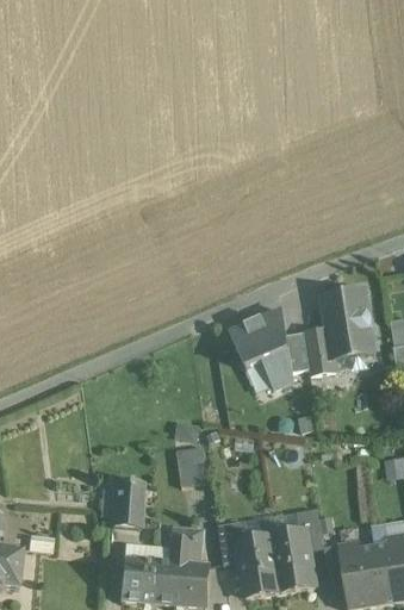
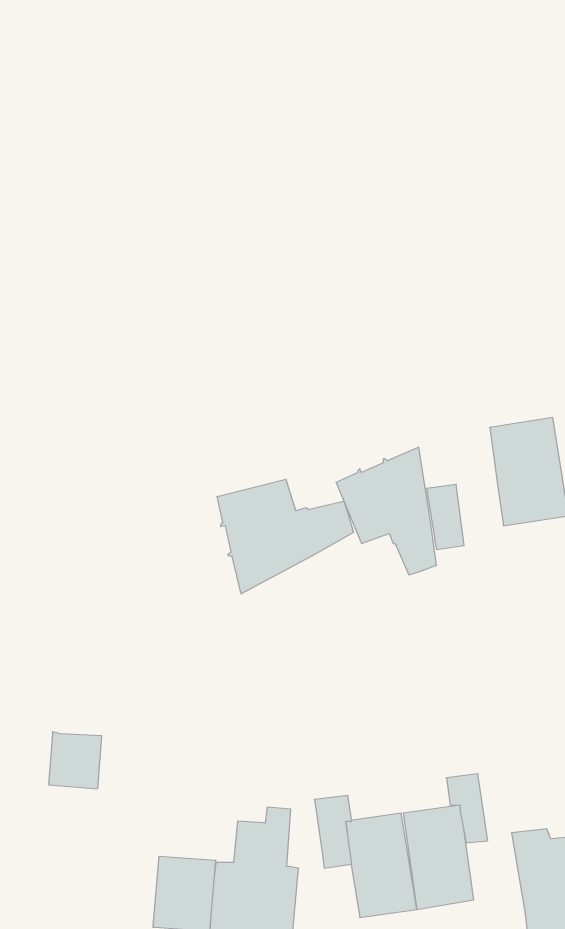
building: [304,329,336,374] -> none
building: none -> [217,479,354,594]
building: [176,446,207,485] -> none
building: [110,492,142,527] -> [49,732,102,789]

